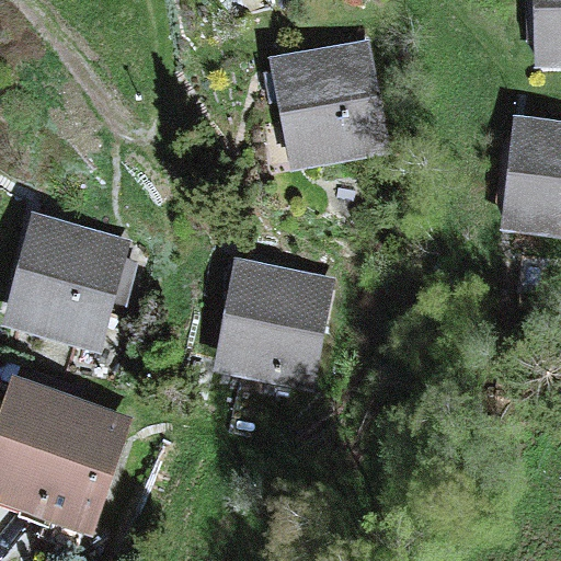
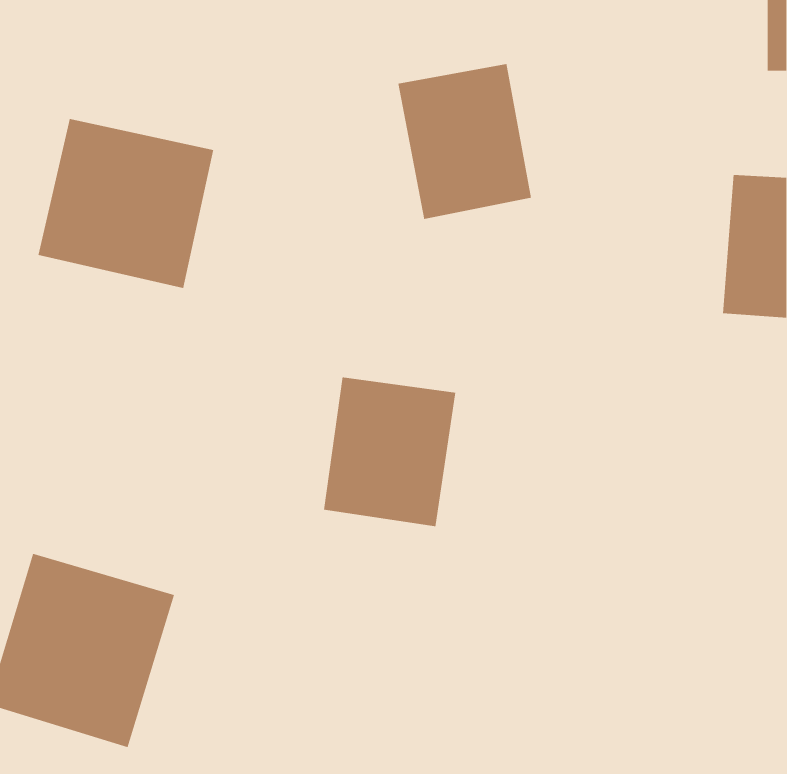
building: none -> [38,118,214,289]
building: [12,226,116,339] -> none

